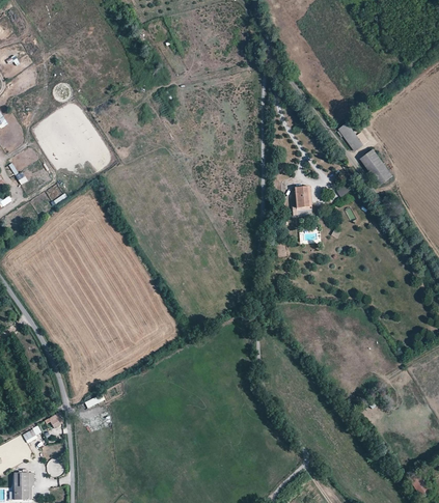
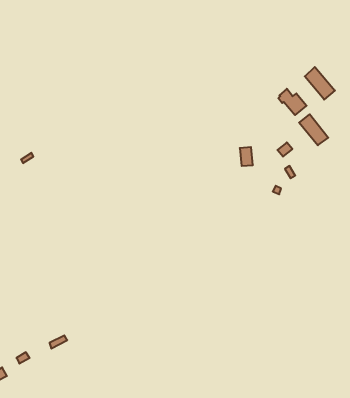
building: none -> [305,67,335,100]

